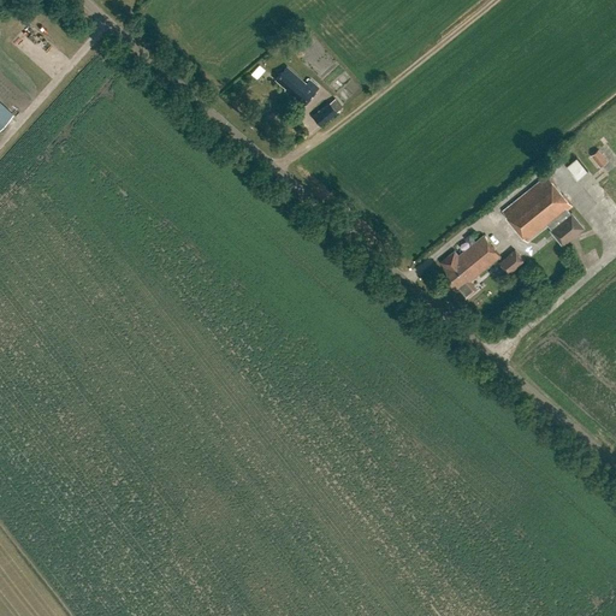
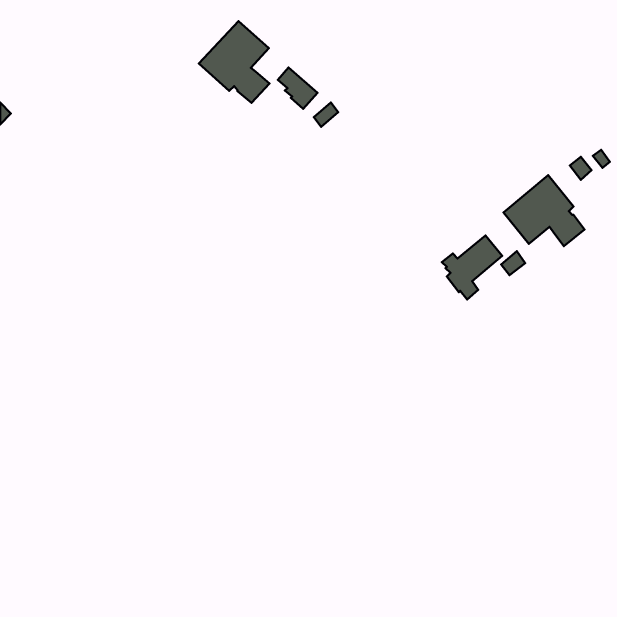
building: none -> [199,21,269,103]

